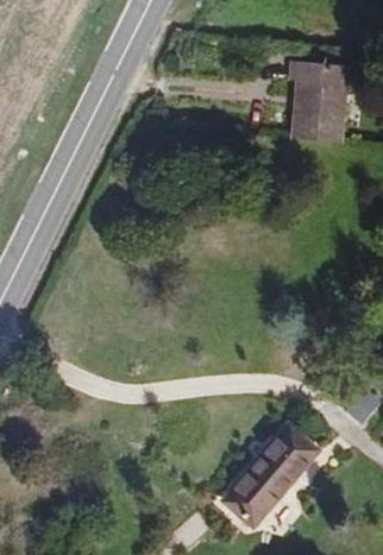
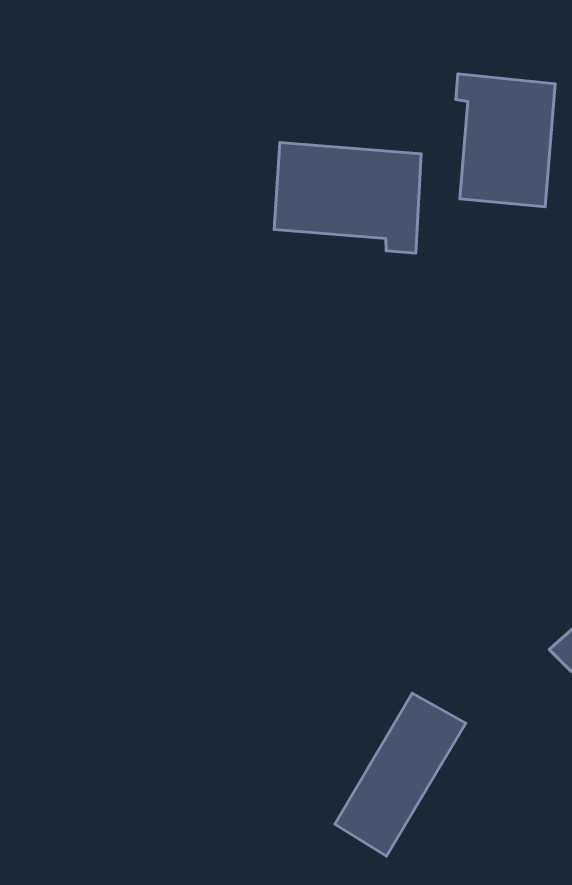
building: none -> [274,143,421,253]

